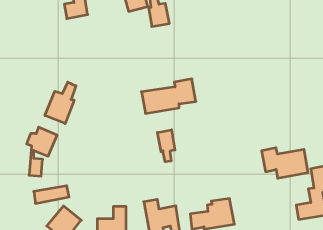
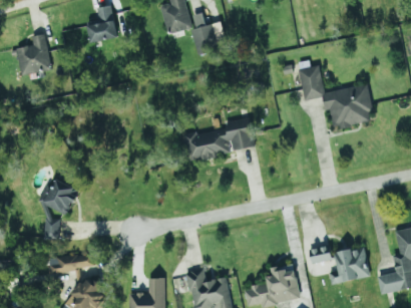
building: none -> [16,34,51,75]
building: none -> [299,65,372,128]
building: [45,82,76,124] -> none
building: [157,130,175,162] -> none
building: [262,148,308,178] -> [311,246,369,284]

